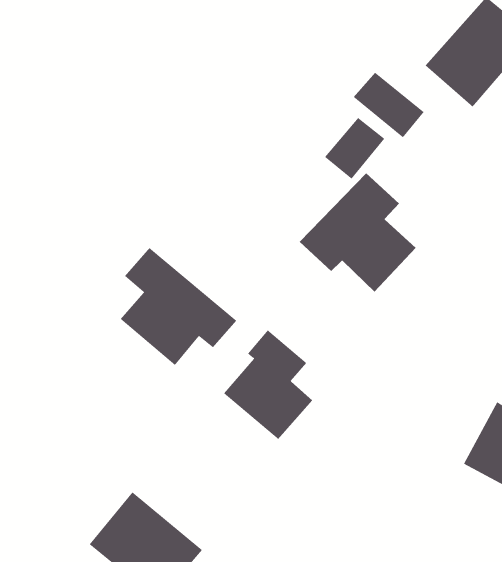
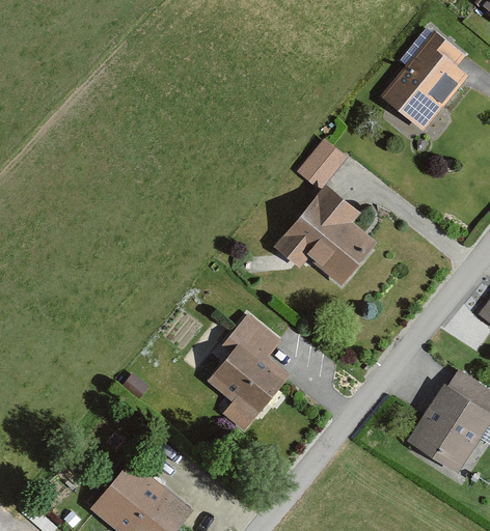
building: [353,72,424,138] -> none
building: [120,247,237,366] -> none

